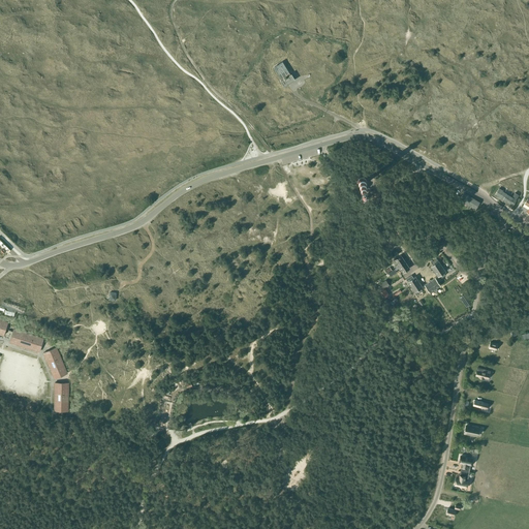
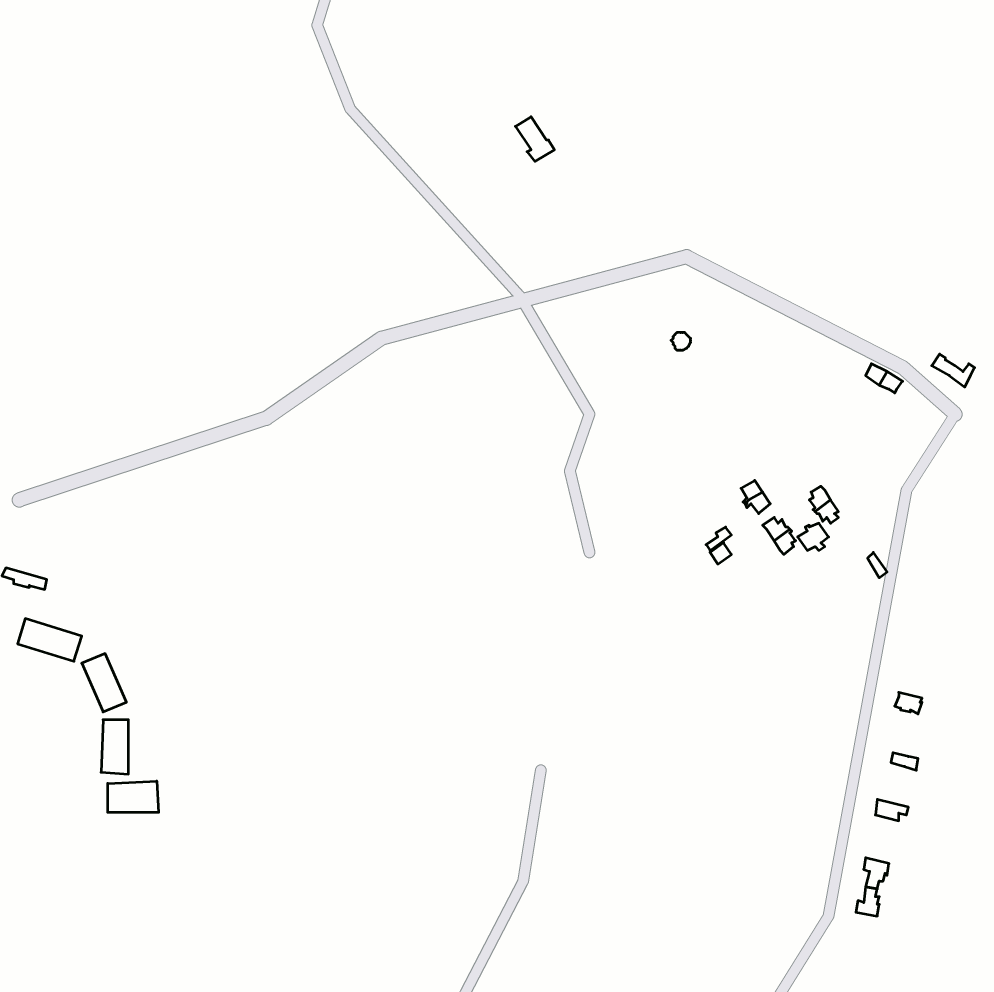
building: none -> [108,781,159,812]

